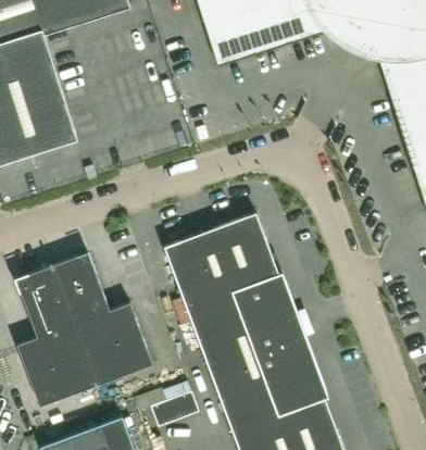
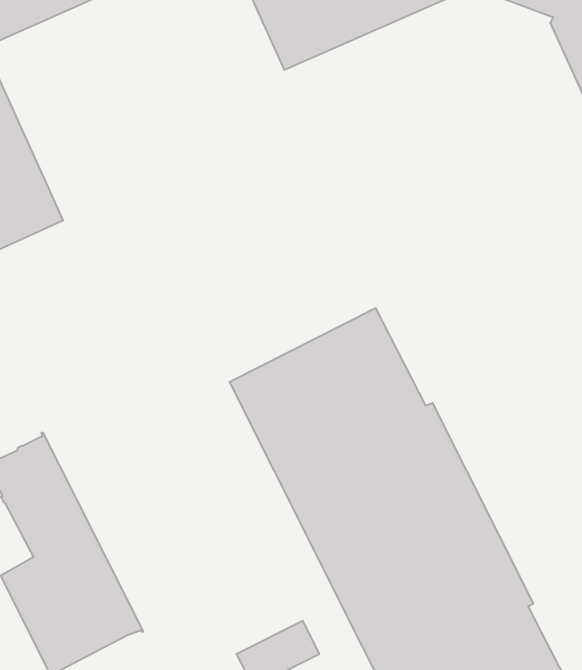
building: [51,252,153,386] -> none

